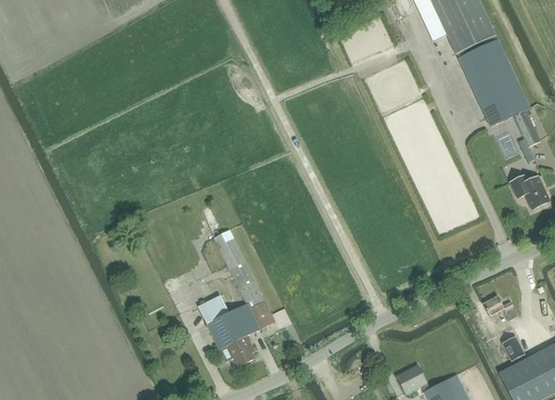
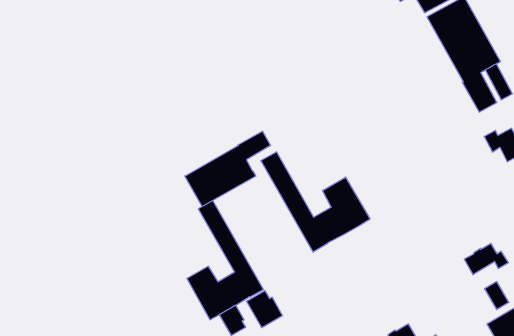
building: none -> [185,131,271,206]
building: none -> [261,152,370,252]
building: none -> [247,291,283,328]

